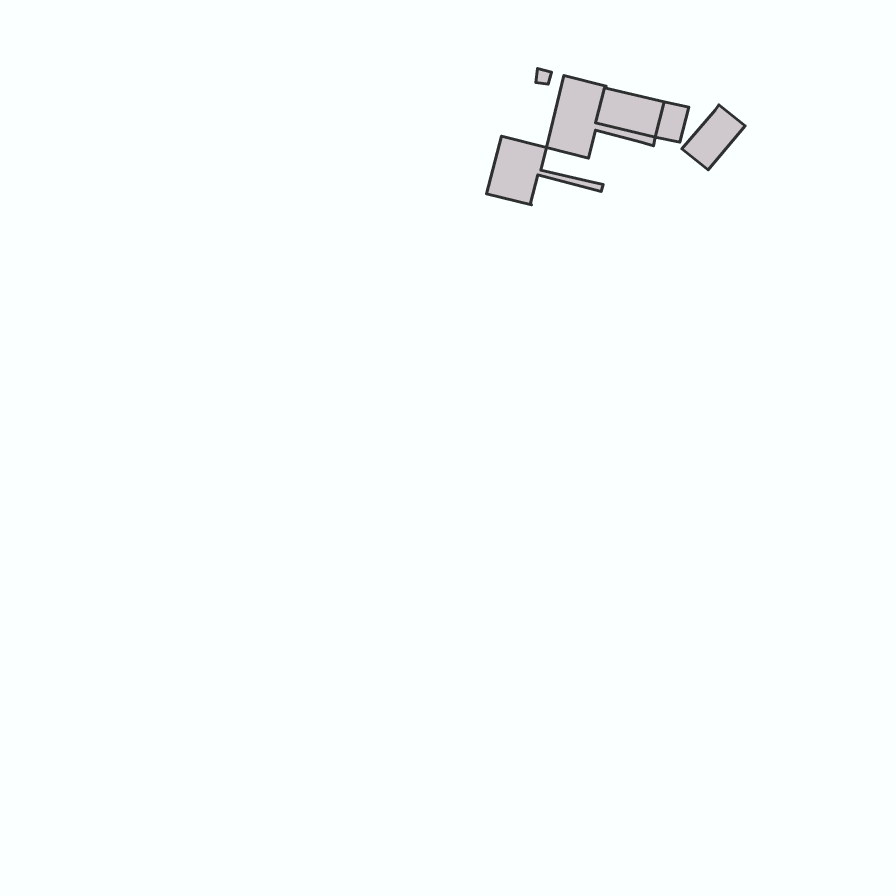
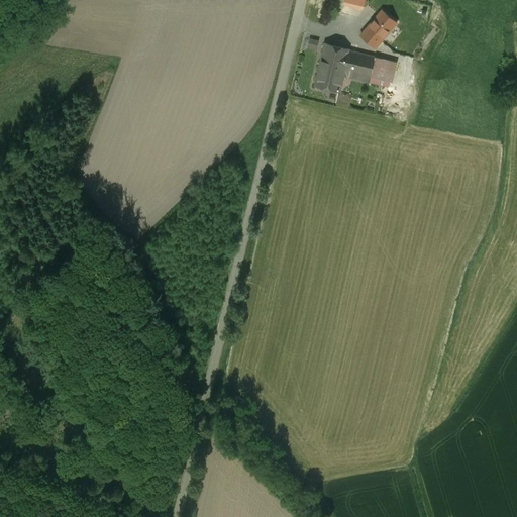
building: [682,105,745,170] -> [359,11,396,48]
building: [487,136,603,205] -> none

